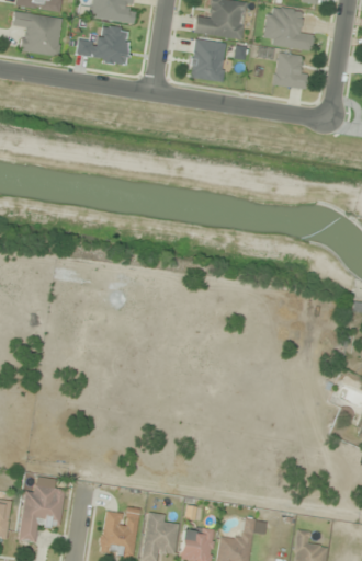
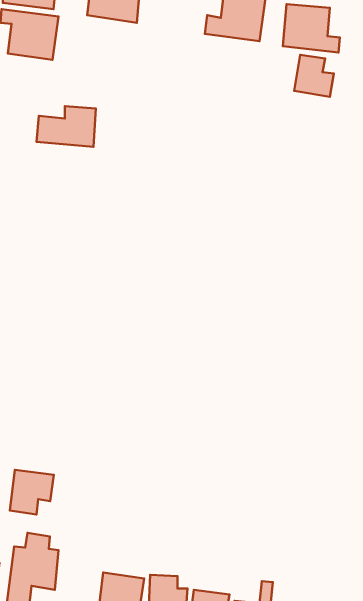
building: [76,26,128,62] -> [36,106,96,147]
building: [189,38,226,80] -> none
building: none -> [10,470,54,514]

